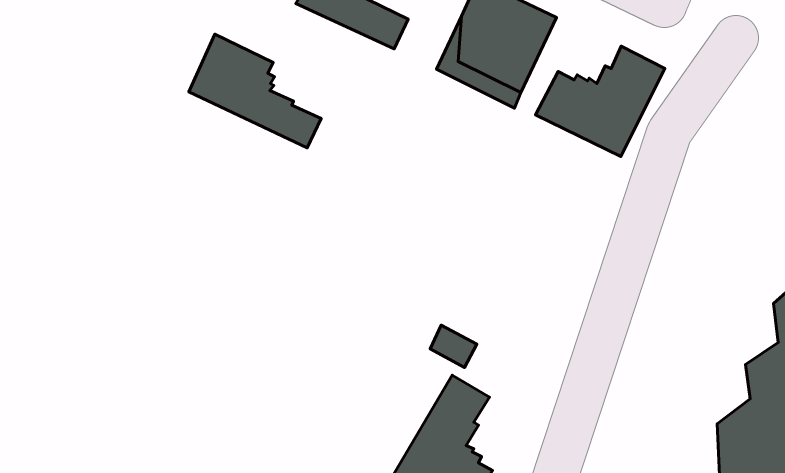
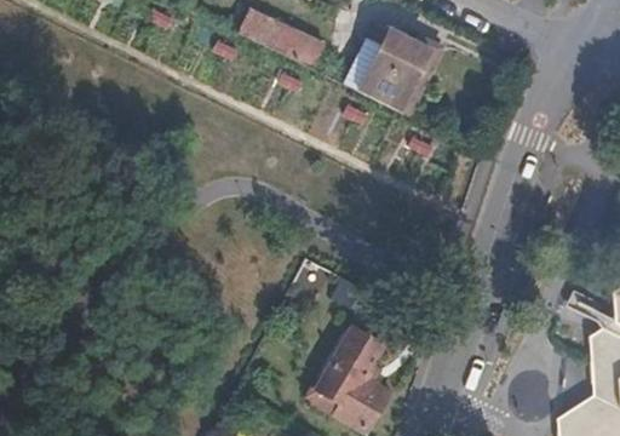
building: [189,34,321,148] -> none
building: [536,46,665,156] -> none

